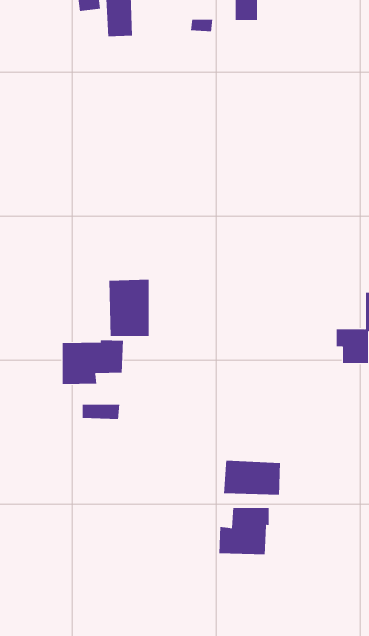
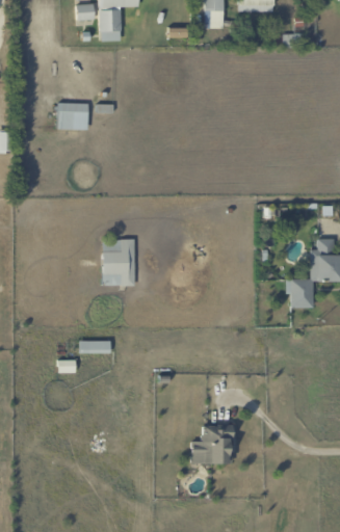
building: none -> [58,103,88,130]
building: [62,340,124,385] -> none
building: [224,460,280,495] -> none

